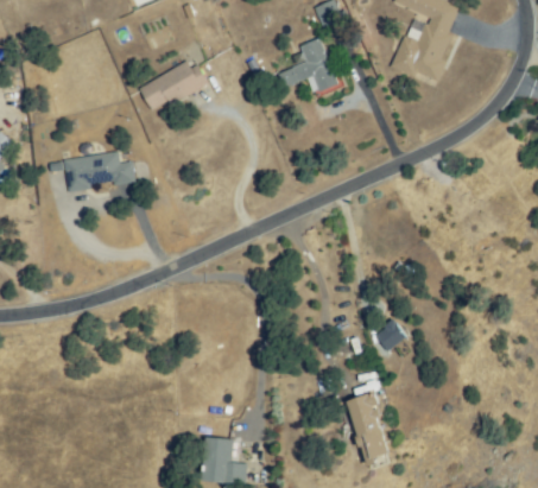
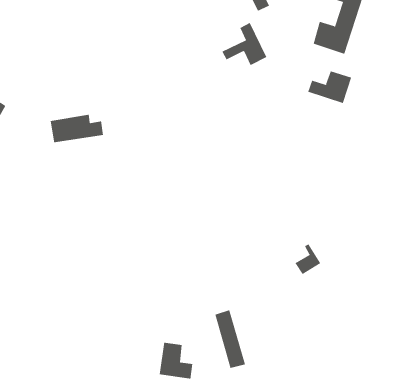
building: [141,63,204,108] -> none
building: none -> [307,71,352,104]
building: [352,393,391,467] -> [215,310,246,368]

